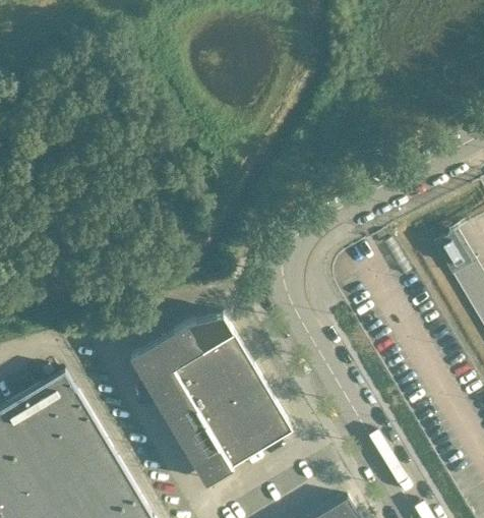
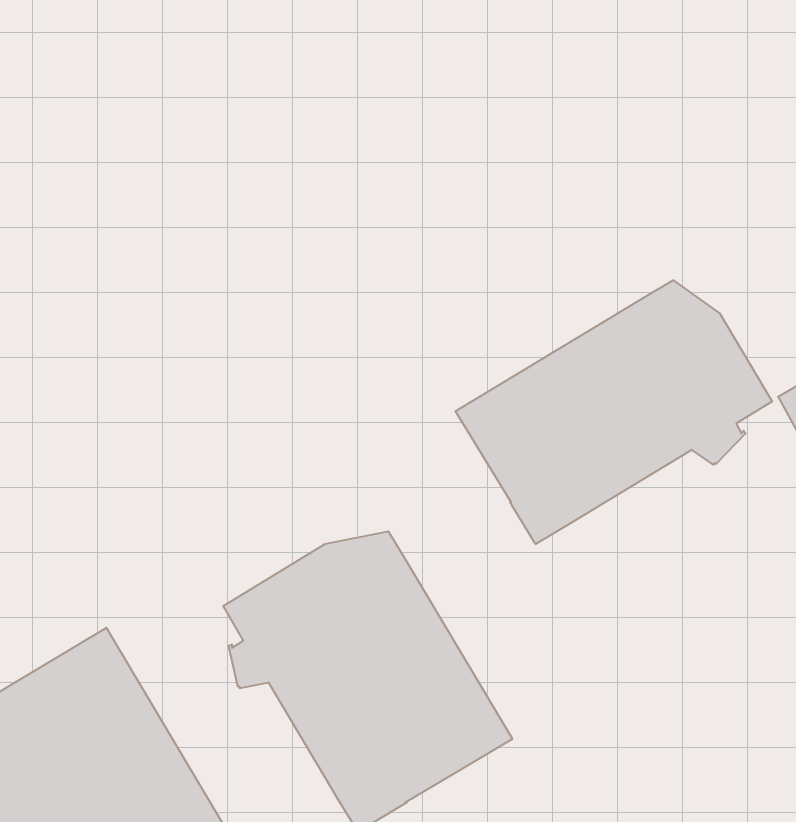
building: none -> [456,280,772,544]

